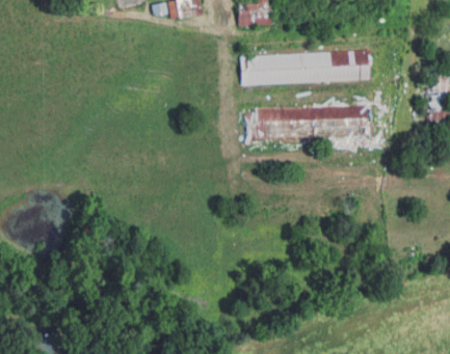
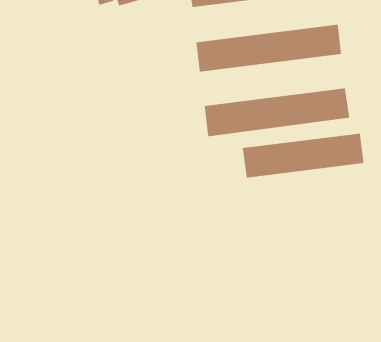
building: none -> [242,133,365,178]

